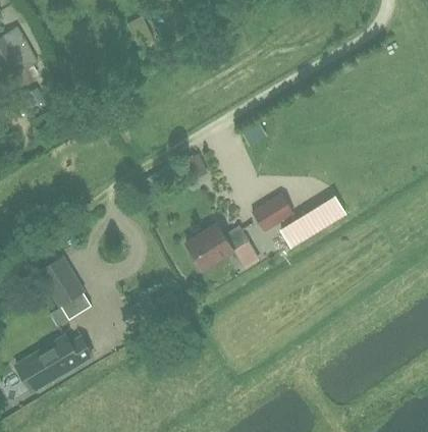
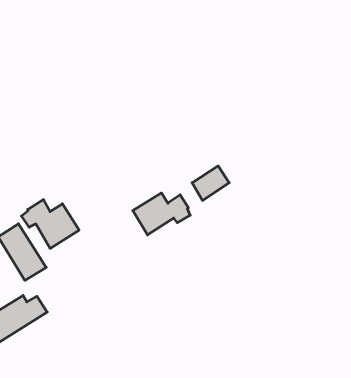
building: [283,204,338,247] -> none
building: none -> [21,200,79,248]

